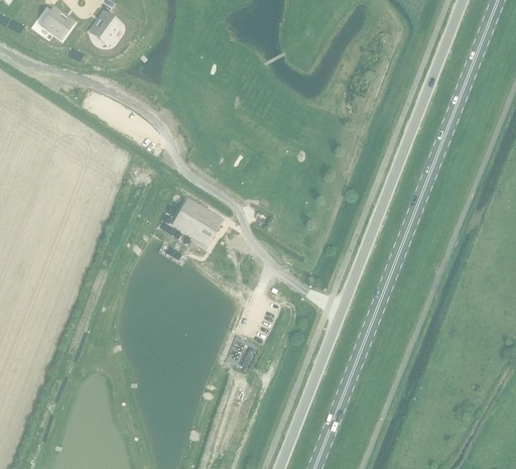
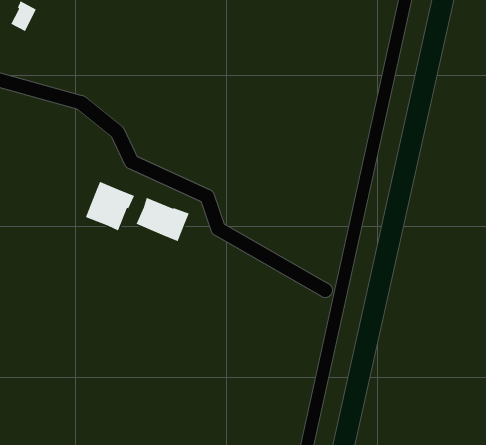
building: none -> [85,181,135,232]

